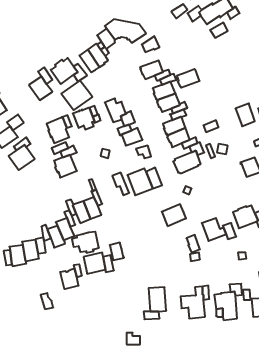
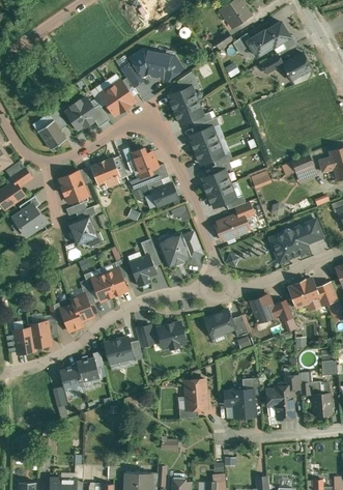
building: none -> [282,53,311,79]
building: [177,69,200,88] -> [169,86,197,109]
building: [61,80,92,110] -> none
building: none -> [270,227,307,260]
building: none -> [128,255,155,286]
building: [162,204,186,226] -> [204,310,234,337]
building: [72,232,99,253] -> [151,322,184,348]
building: none -> [59,365,83,391]

